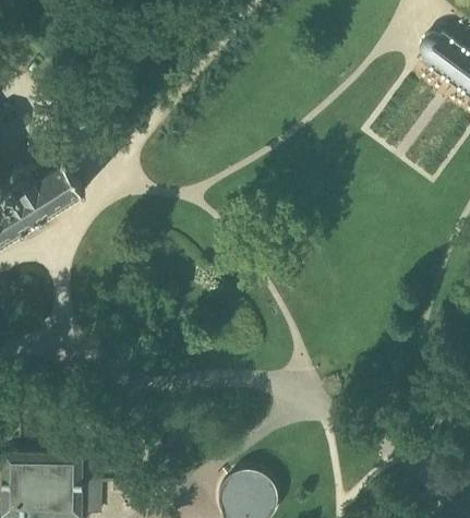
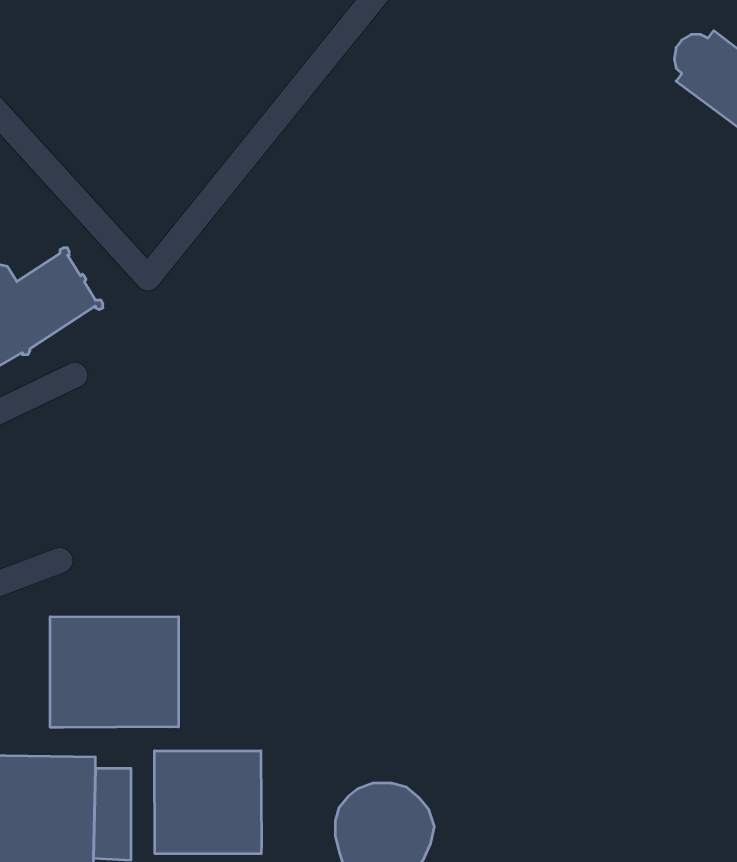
building: none -> [50,617,178,727]
building: none -> [155,751,261,854]

